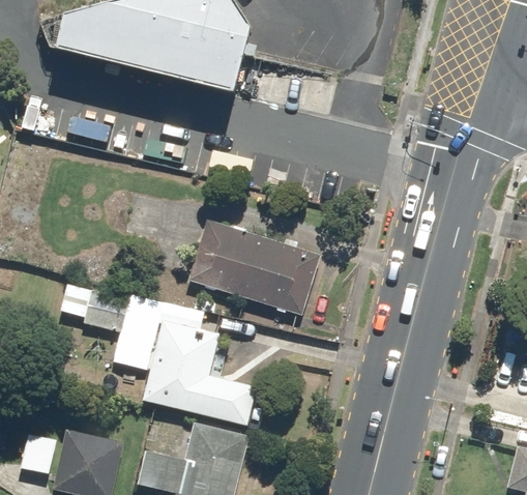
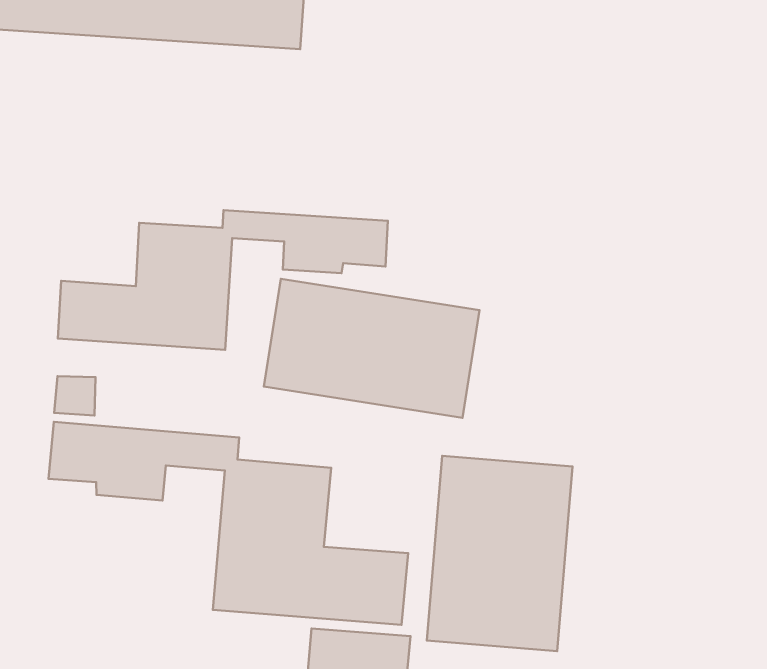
building: none -> [58,210,388,350]
building: none -> [427,456,573,651]

